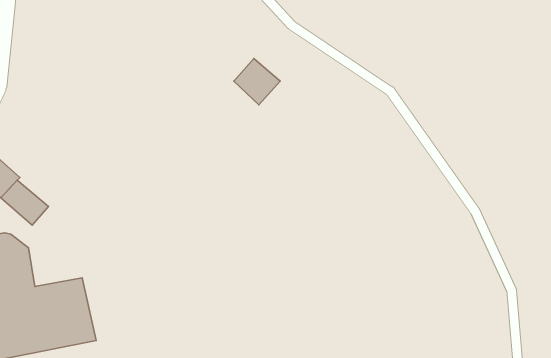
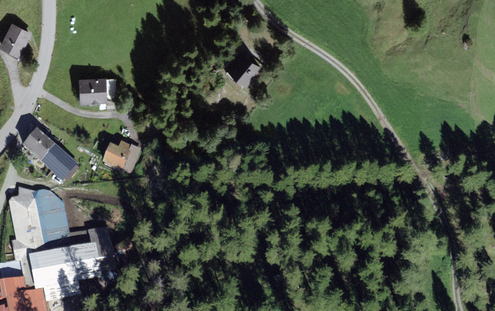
building: none -> [81,76,108,100]
building: none -> [103,142,139,172]

